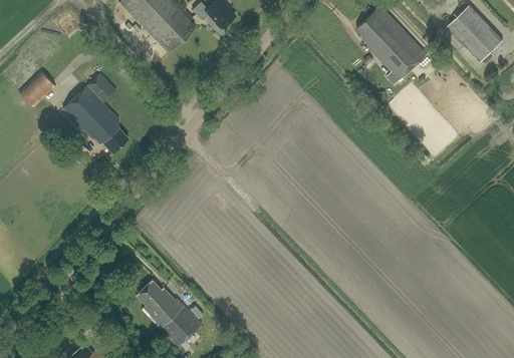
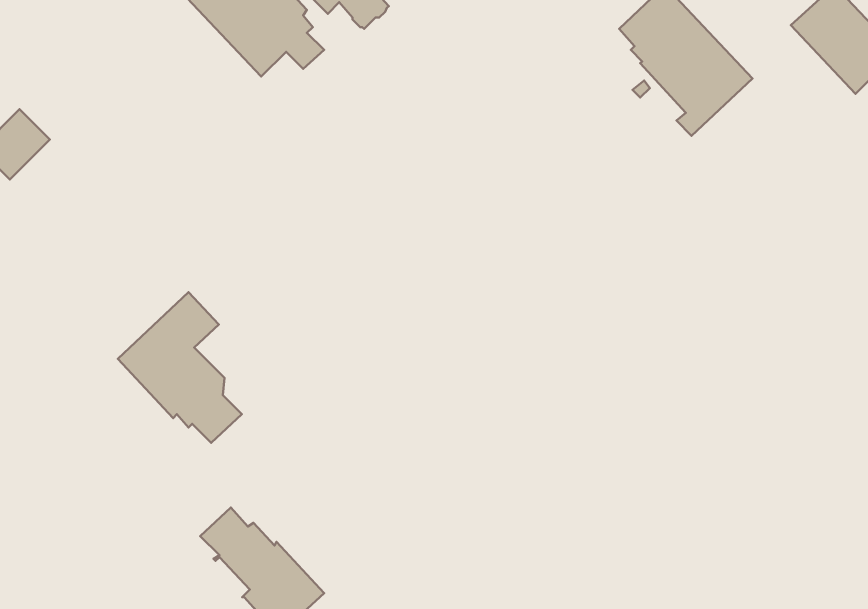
building: [63,73,128,152] -> [118,292,242,443]

